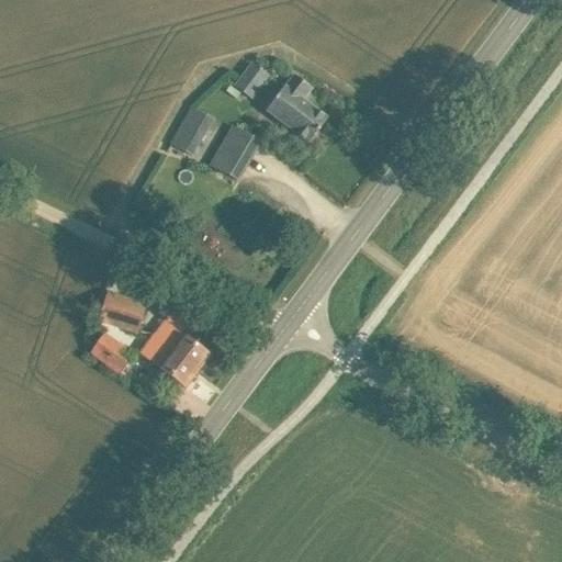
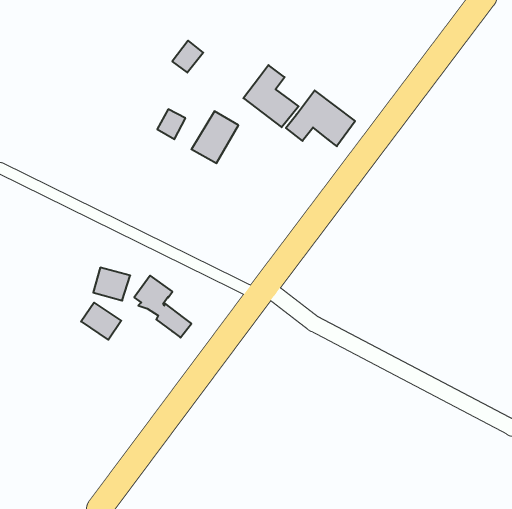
building: [235,59,269,94] -> [172,41,203,73]
building: none -> [286,90,355,146]
building: [140,335,198,385] -> none

